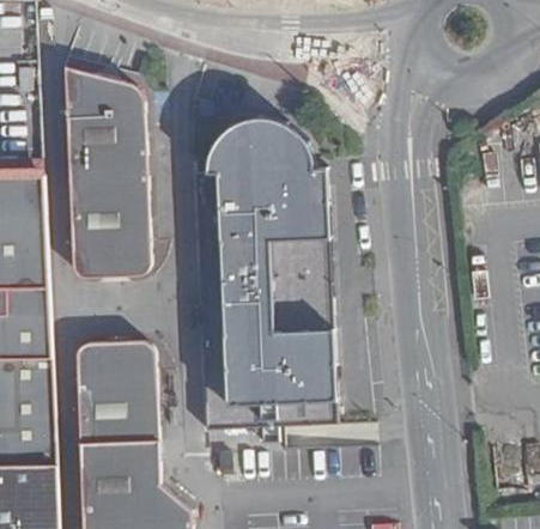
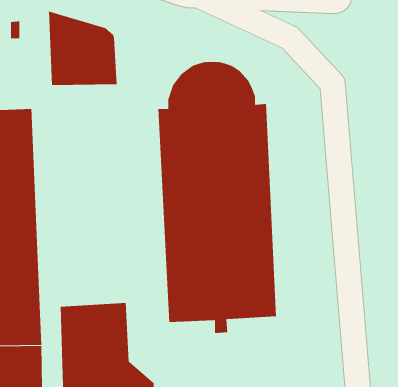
building: [65,140,148,264] -> none
building: [73,328,156,407] -> none

